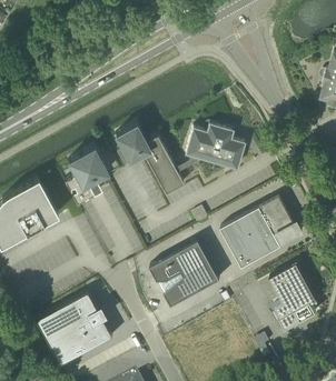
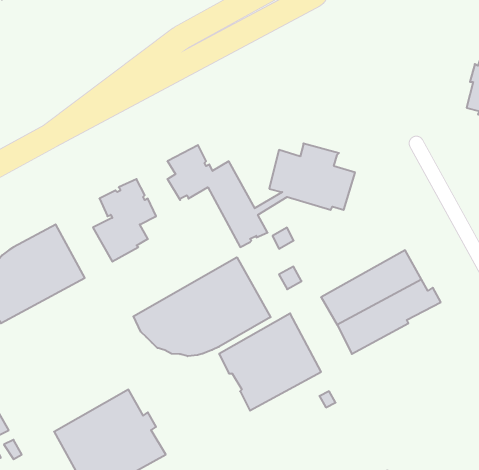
building: none -> [133,257,271,356]
building: [270,262,317,329] -> none

